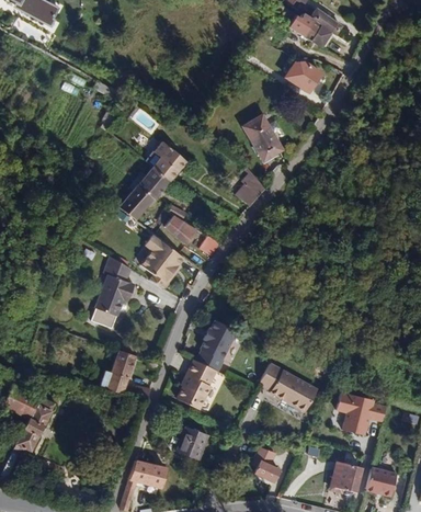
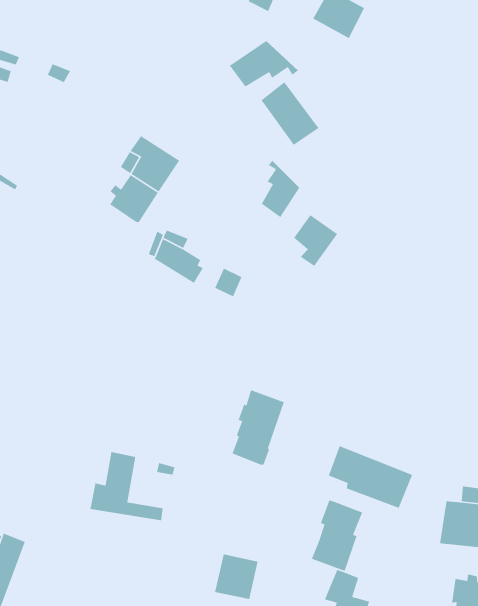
building: none -> [229,40,299,87]
building: [118,185,151,219] -> none
building: none -> [293,214,338,267]
building: [143,234,182,289] -> none
building: [94,255,133,317] -> none
building: [178,360,216,409] -> [311,500,363,572]

